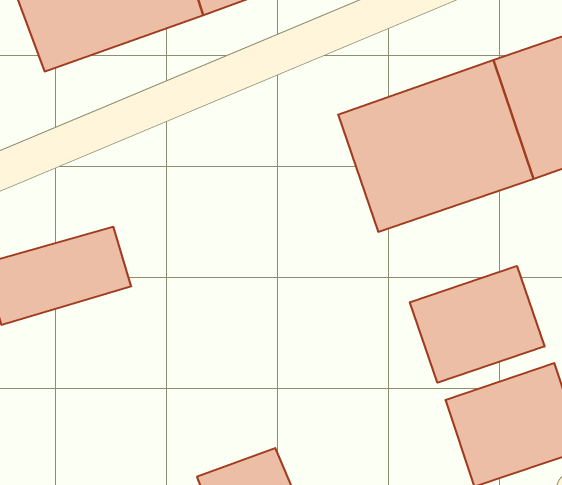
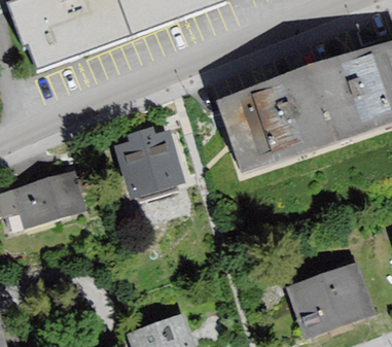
building: none -> [114,131,185,203]
building: [410,266,545,383] -> none

